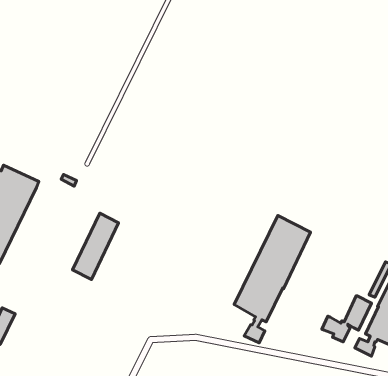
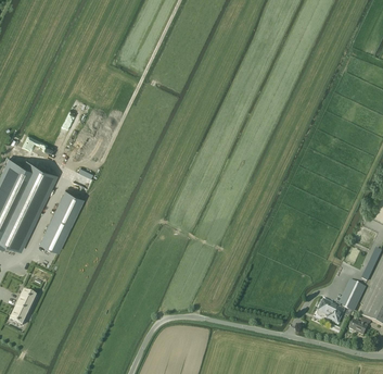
building: [73,213,119,279] -> [40,189,82,250]
building: [234,216,311,343] -> none

